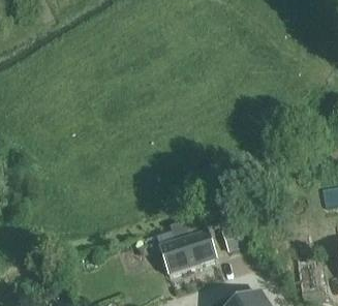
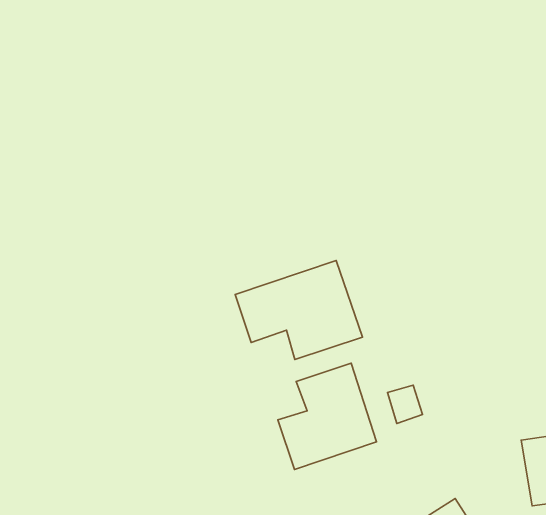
building: none -> [235,261,362,360]

